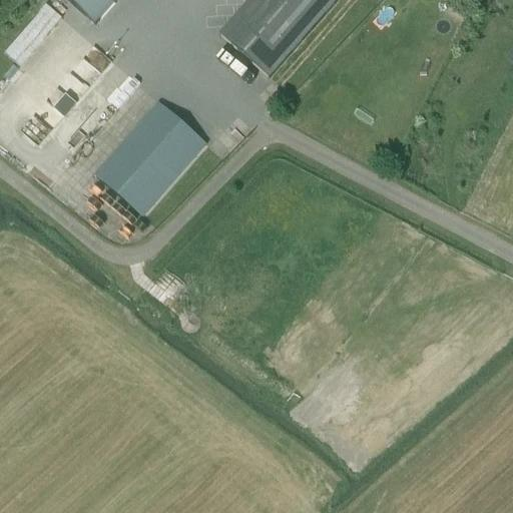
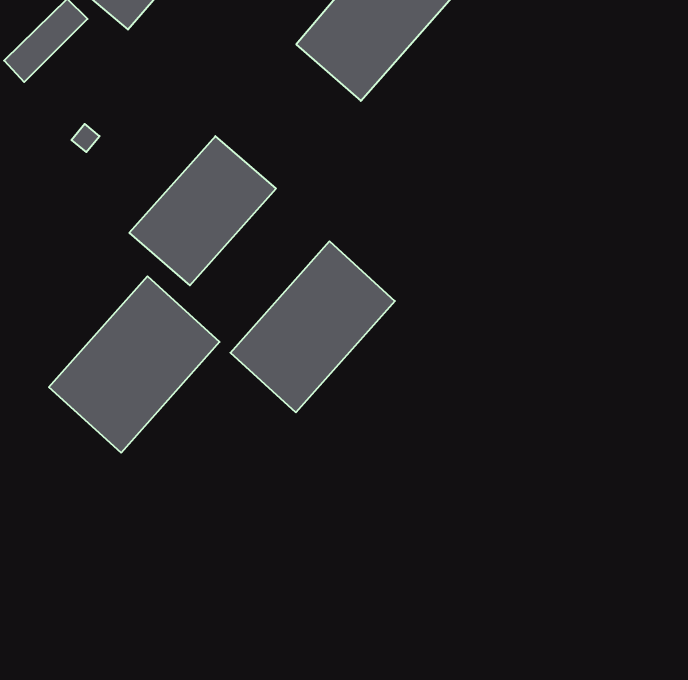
building: none -> [230,241,395,412]
building: none -> [49,276,220,453]

